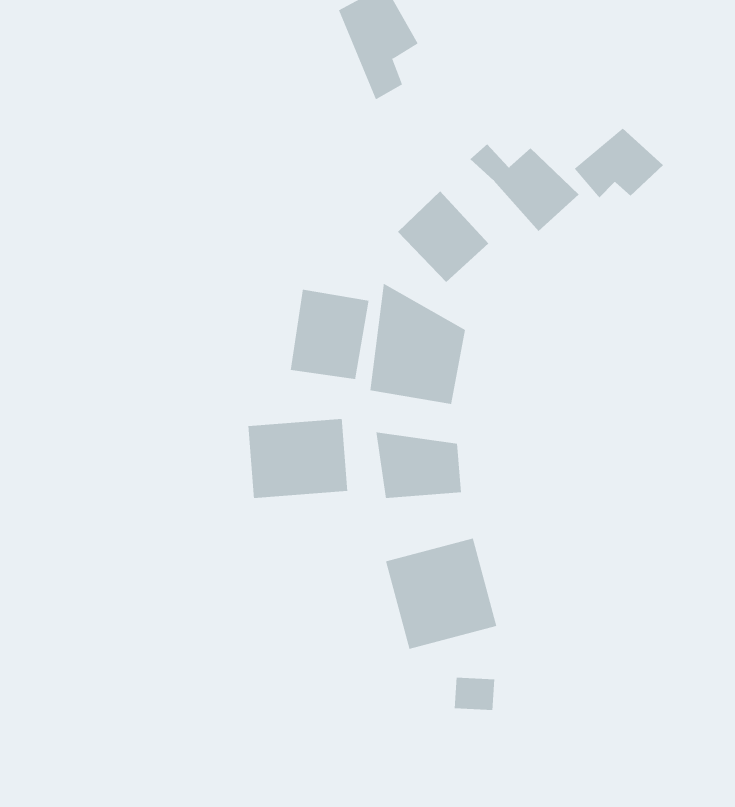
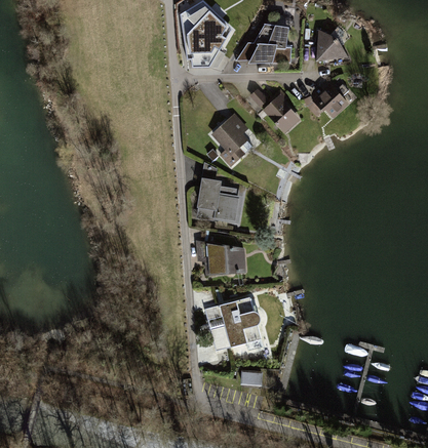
building: none -> [237,22,293,63]
building: none -> [316,29,352,62]
building: [290,289,369,380] -> none
building: [248,418,348,499] -> none

